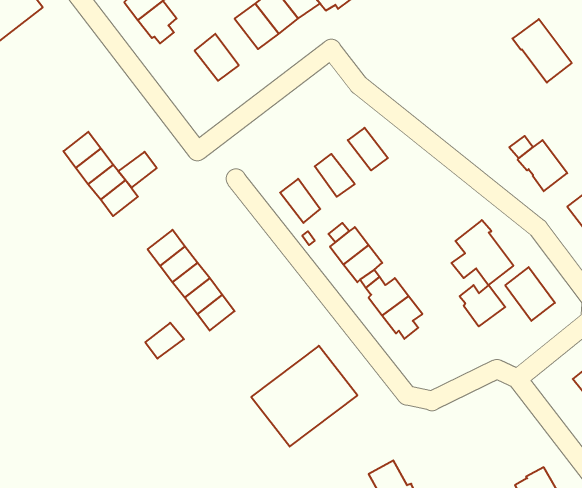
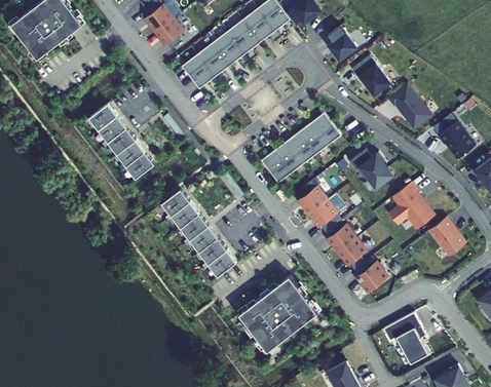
building: none -> [328,27,356,61]
building: none -> [213,32,244,67]
building: [512,19,572,83] -> [387,83,431,130]
building: none -> [182,55,215,89]
building: none -> [351,56,390,95]
building: none -> [299,122,329,155]
building: [118,152,157,188] -> [89,104,118,130]
building: none -> [274,142,303,173]
building: none -> [349,150,396,189]
building: [460,285,505,326] -> [353,262,387,293]
building: [145,323,184,359] -> [209,249,237,276]
building: none -> [382,312,427,363]

